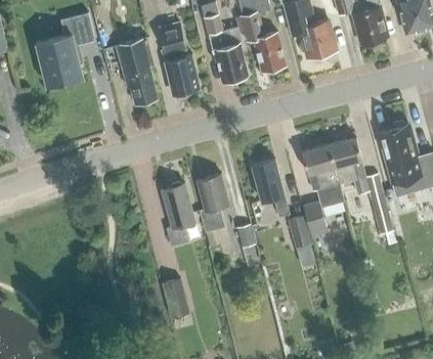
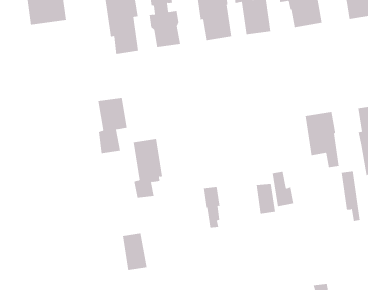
building: [301,144,343,204] -> none
building: [251,159,289,216] -> none
building: [196,174,228,232] -> [97,97,127,154]

